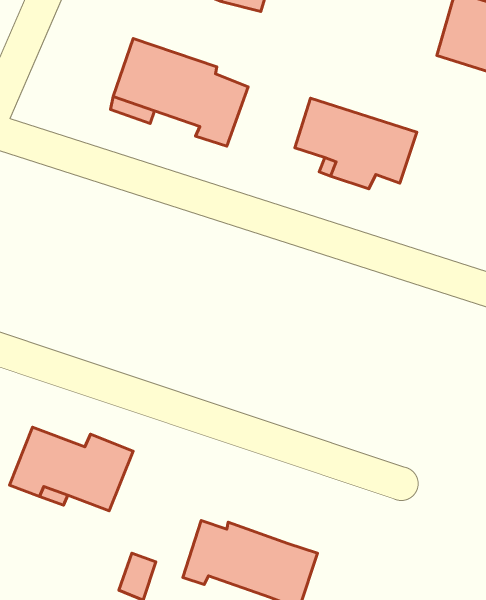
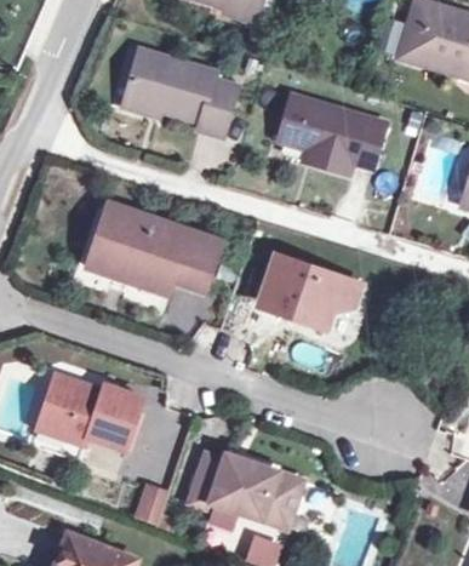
building: none -> [85,206,222,290]
building: none -> [258,253,359,327]

